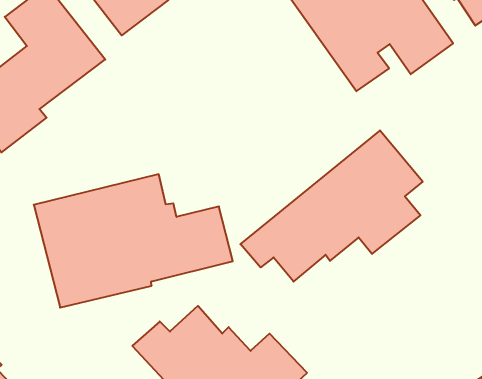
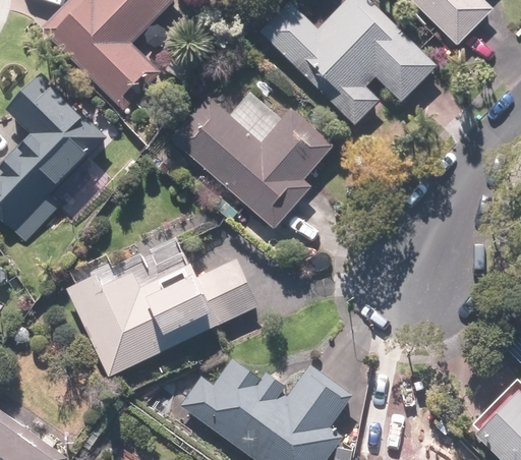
building: none -> [168,94,331,228]
building: [240,130,423,282] -> none

